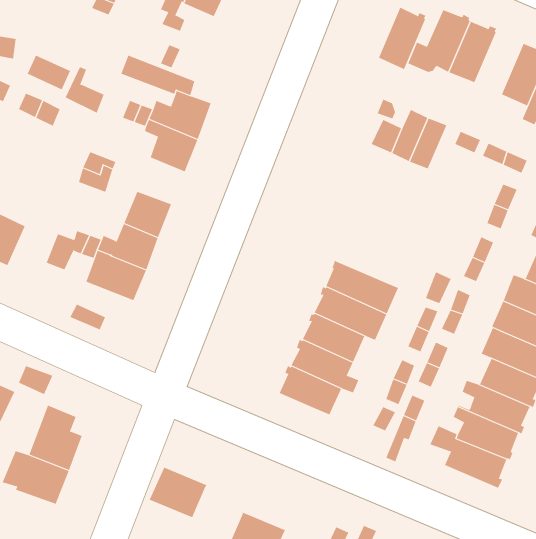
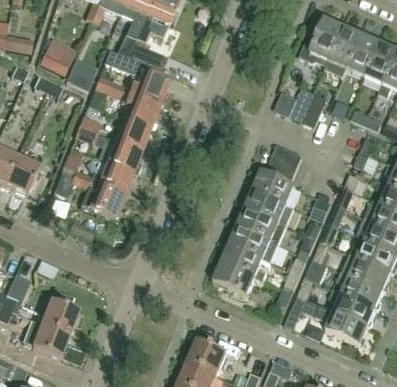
building: [378,7,426,70] -> [346,33,379,76]
building: none -> [115,119,148,151]
building: none -> [252,144,302,205]
building: [149,466,208,517] -> [187,338,227,373]

